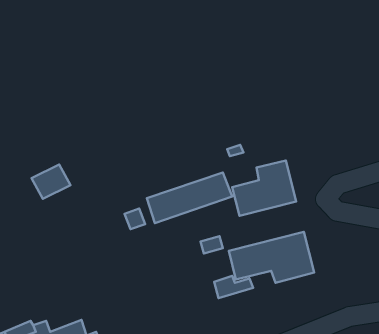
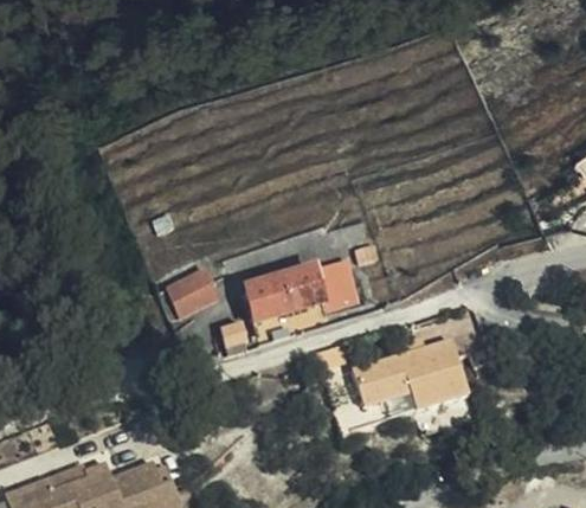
building: [232,160,296,216] -> none
building: [32,164,70,199] -> [163,269,217,316]

